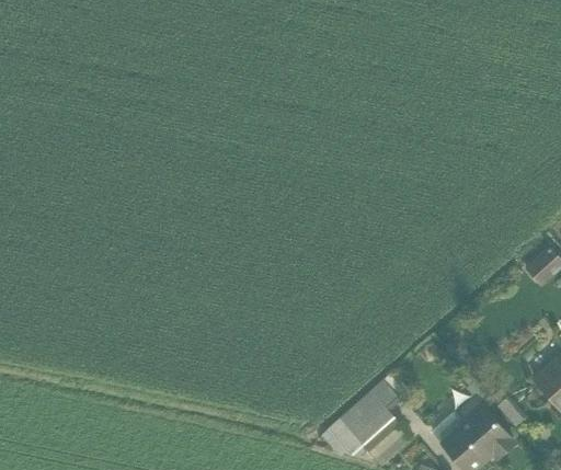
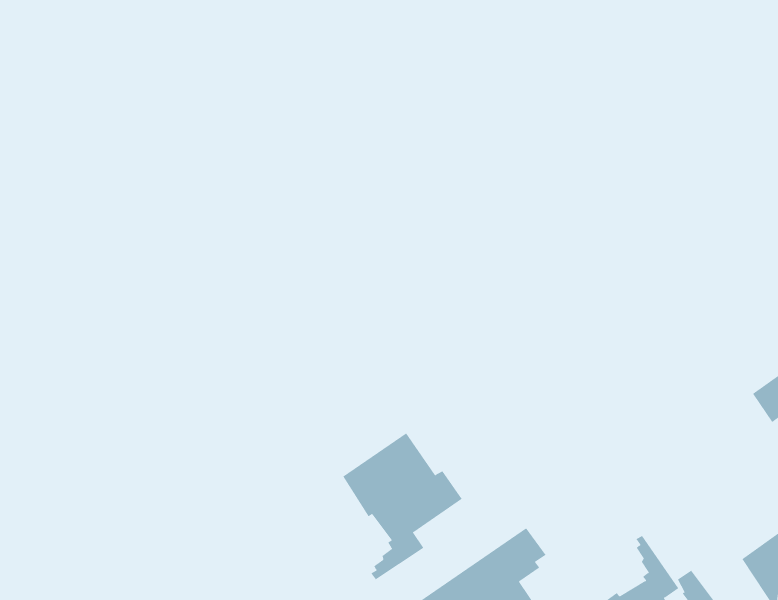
building: none -> [343,432,462,580]

